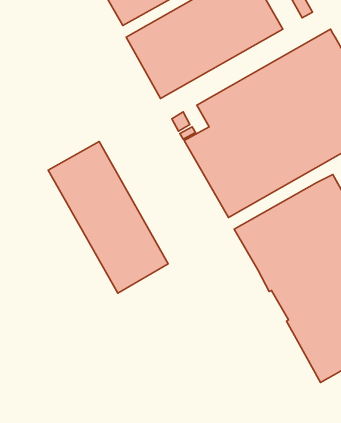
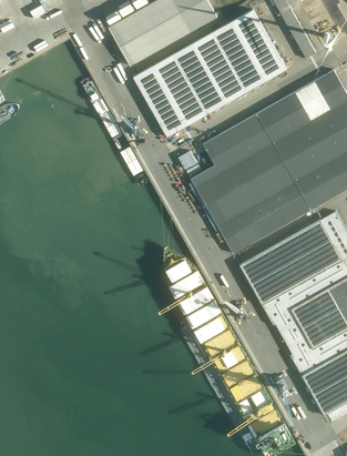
building: [48,142,168,293] -> none

